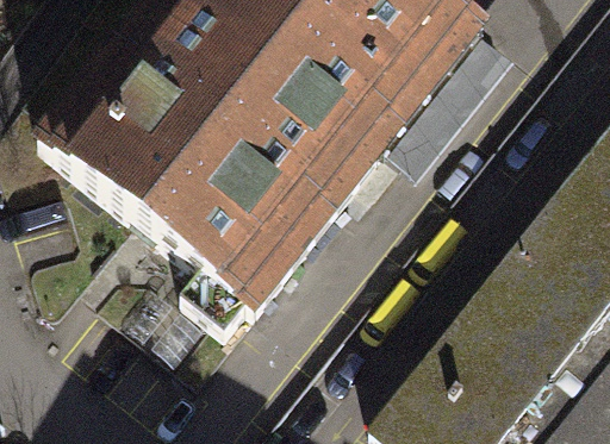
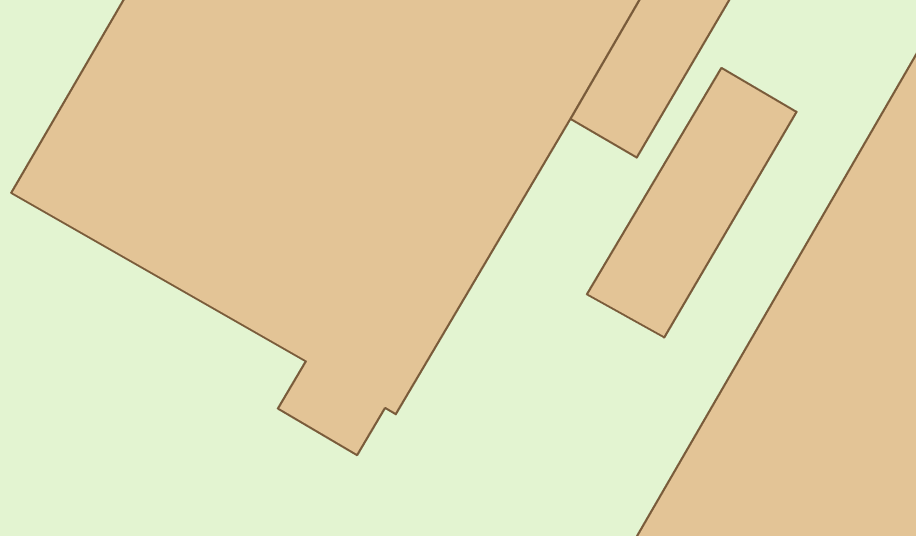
building: none -> [587,68,797,338]

